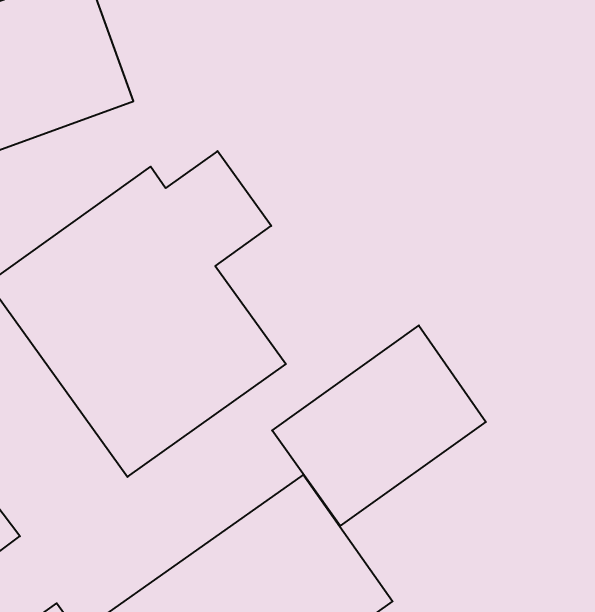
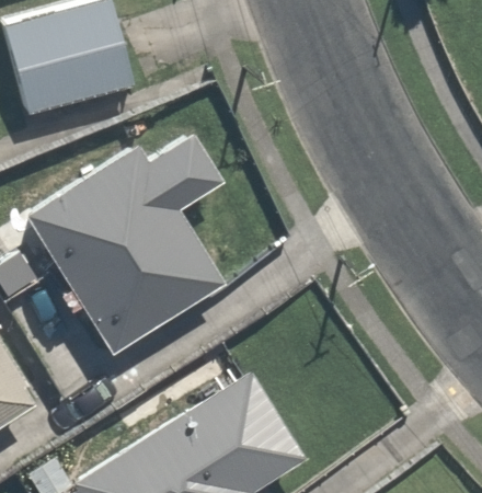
building: [272,325,486,526] -> none

